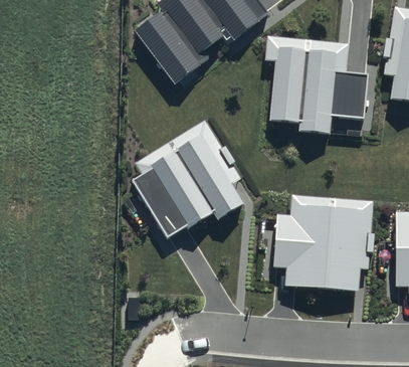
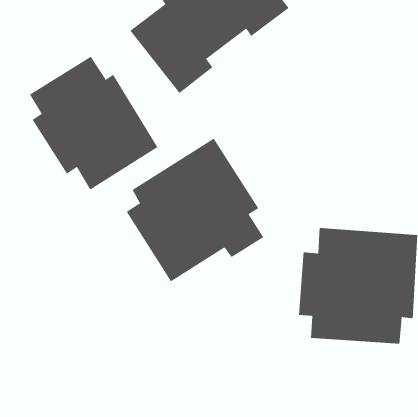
building: [266,36,368,135] -> none
building: none -> [29,56,158,190]

